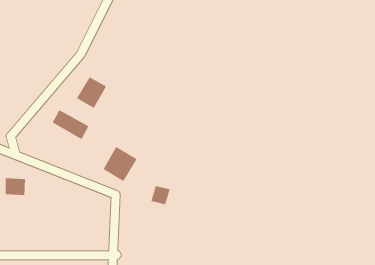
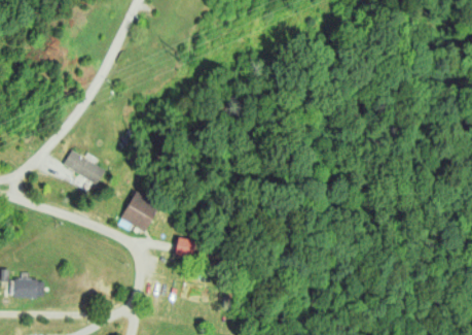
building: [76,76,107,109] -> none
building: [5,178,26,195] -> [13,278,37,298]

